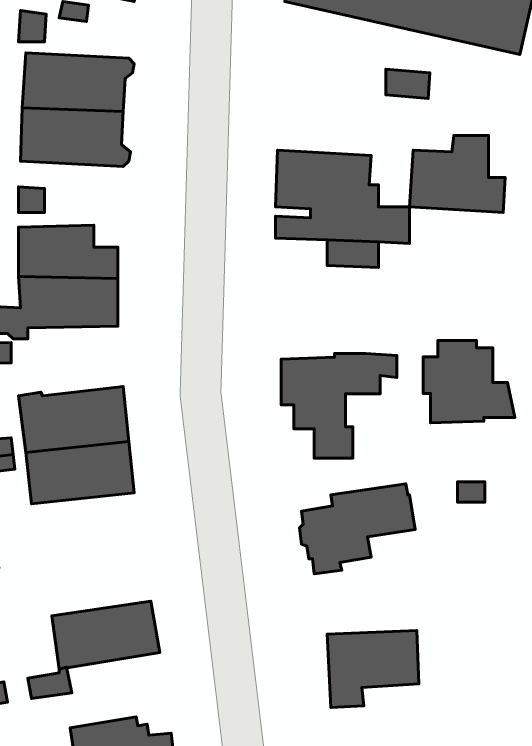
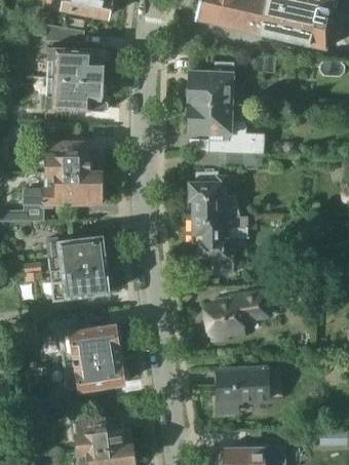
building: [410,135,505,212] -> [190,62,243,105]
building: [423,340,515,423] -> [188,172,239,219]
building: none -> [59,325,119,362]

